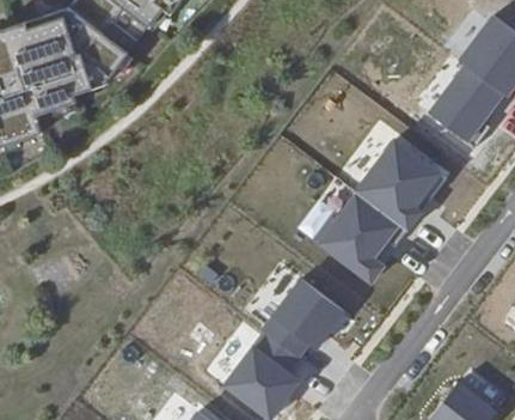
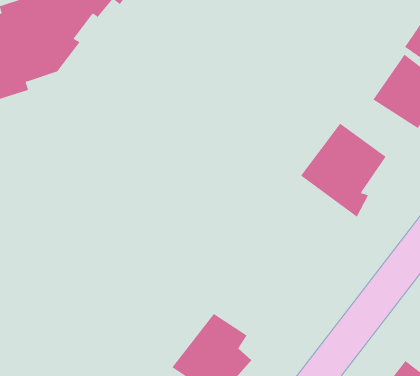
building: [313,196,400,284] -> none
building: [264,275,344,354] -> none

